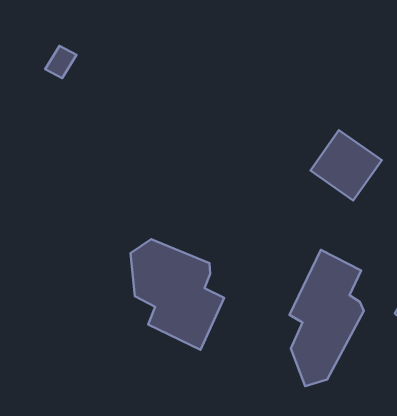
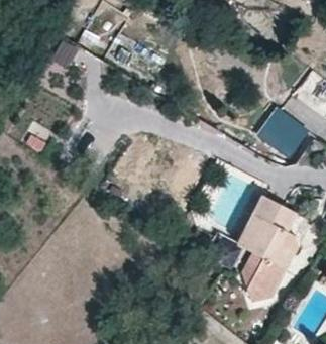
building: [131,239,224,350] -> none

